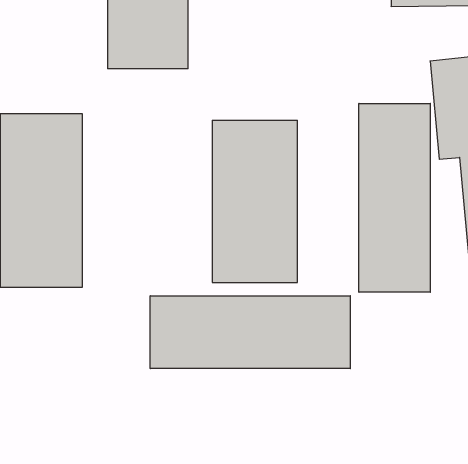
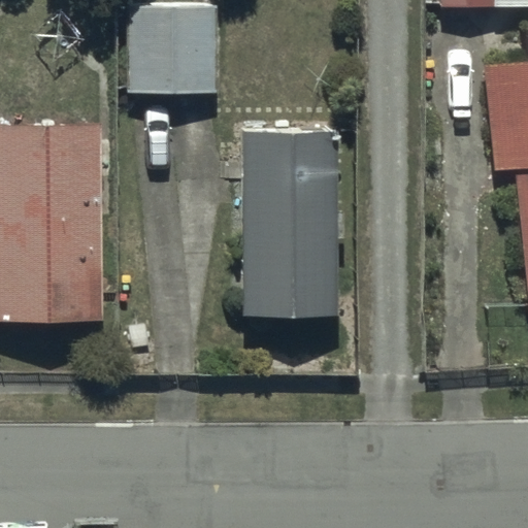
building: [359,103,430,292] -> none
building: [150,296,350,369] -> none

